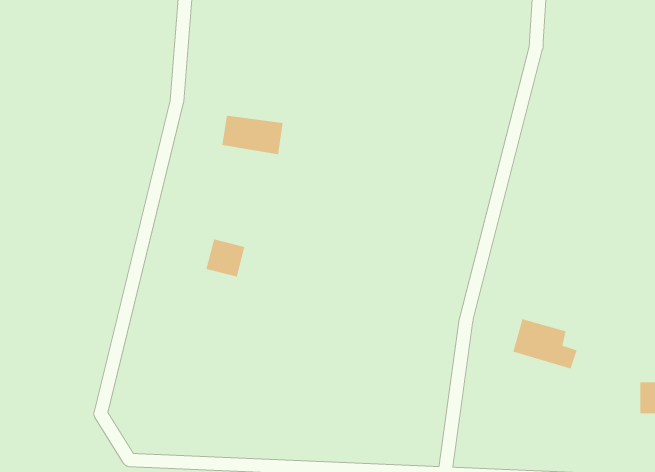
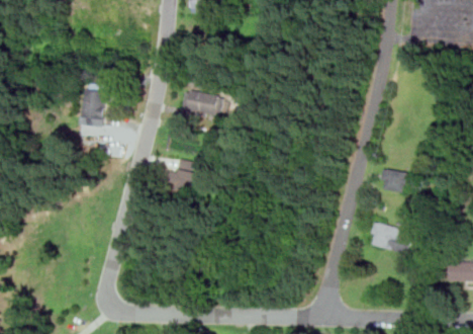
building: none -> [81,89,103,126]
building: none -> [378,168,408,192]

